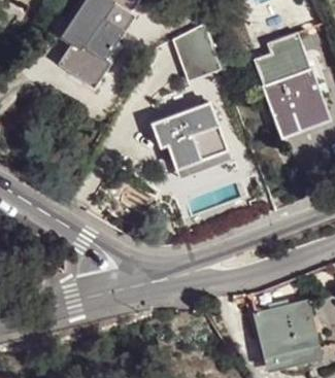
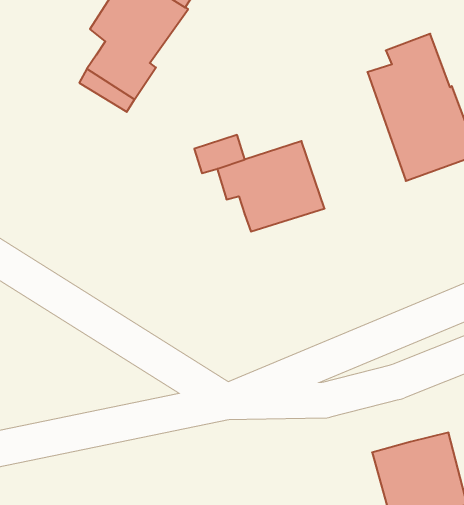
building: [170,26,220,82] -> none

